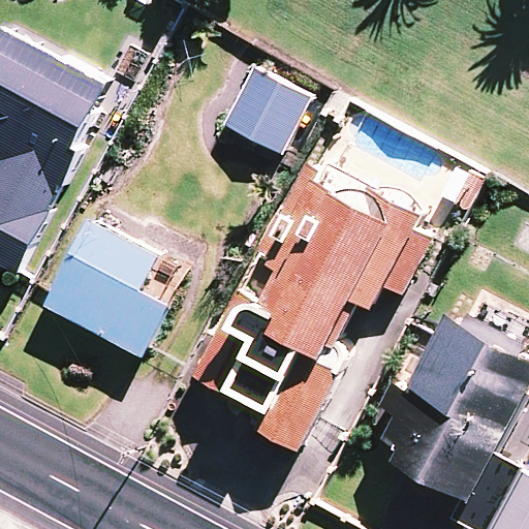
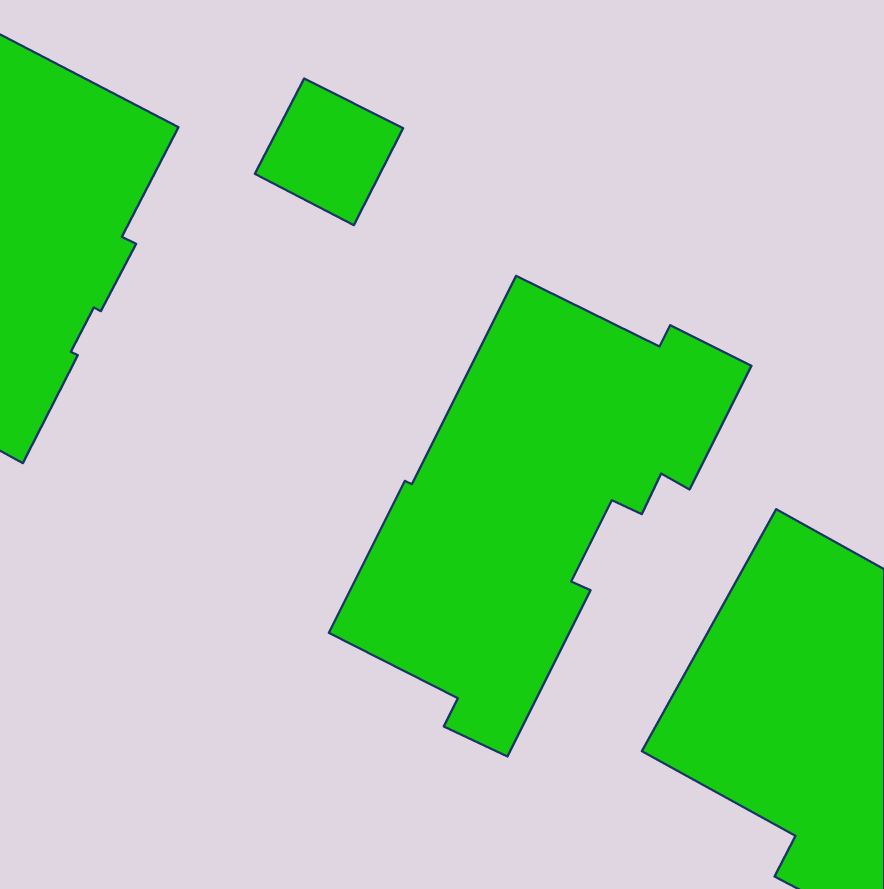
building: [220,73,307,159] -> [255,79,403,225]
building: [43,219,169,359] -> none

